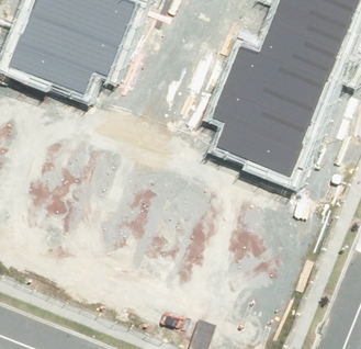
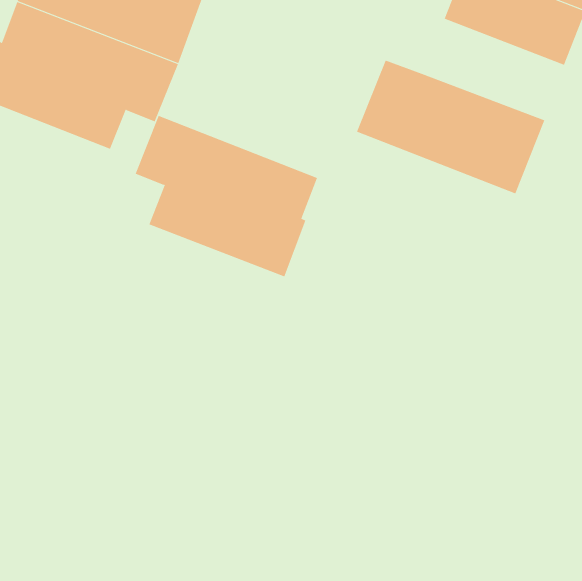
building: [260,22,340,79] -> none
building: [210,86,313,177] -> [135,115,318,277]

